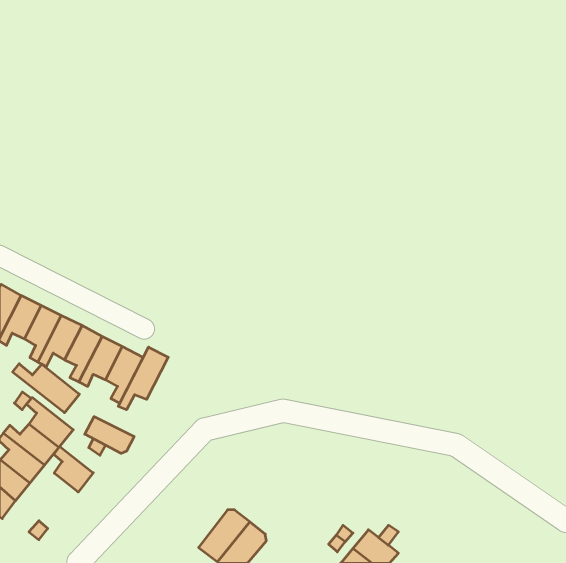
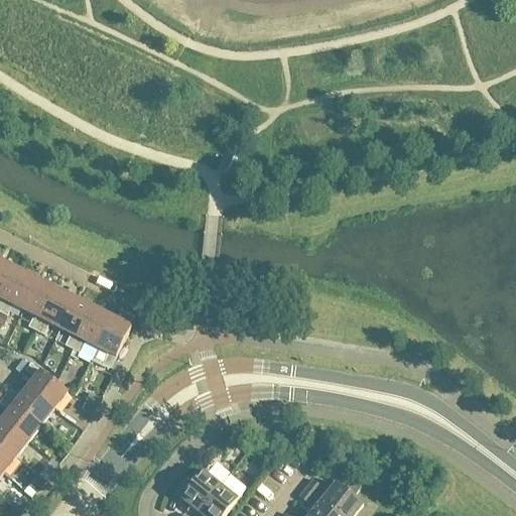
building: [118,347,168,410] -> none
building: [13,364,79,413] -> none
building: [85,417,134,453] -> none
building: [54,446,93,492] -> none

